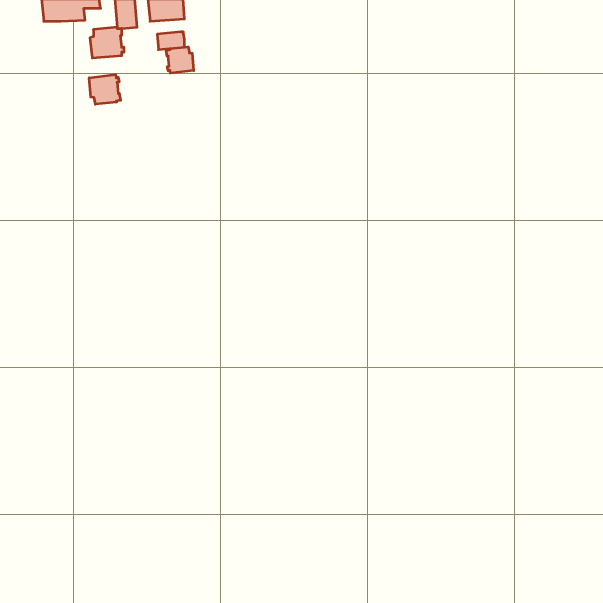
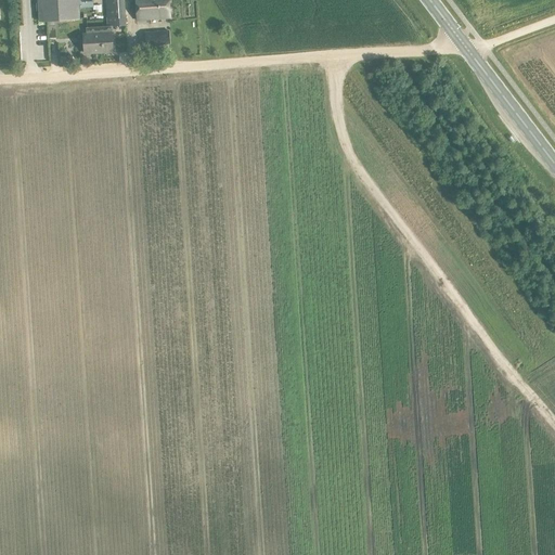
building: [166,47,194,73] -> none
building: [89,75,121,104] -> none

